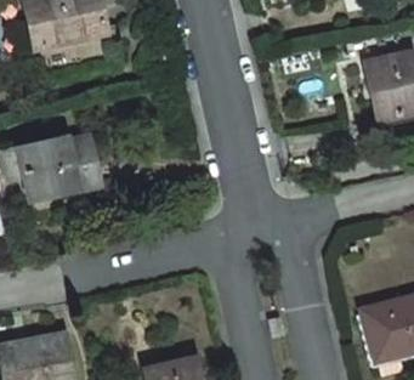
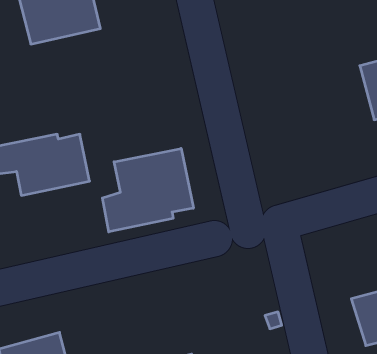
building: none -> [102,148,193,232]

